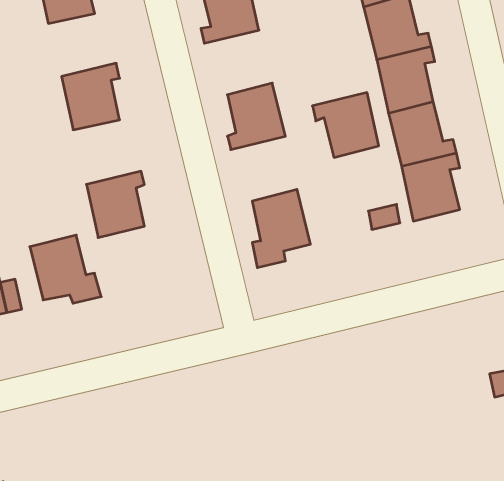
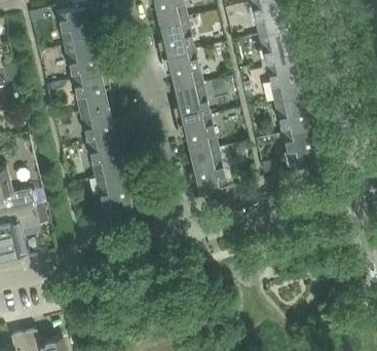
building: none -> [64,39,106,78]
building: none -> [160,49,202,89]
building: [312,93,379,157] -> [177,115,218,155]
building: none -> [79,105,121,145]
building: [30,235,101,303] -> [95,170,139,212]

